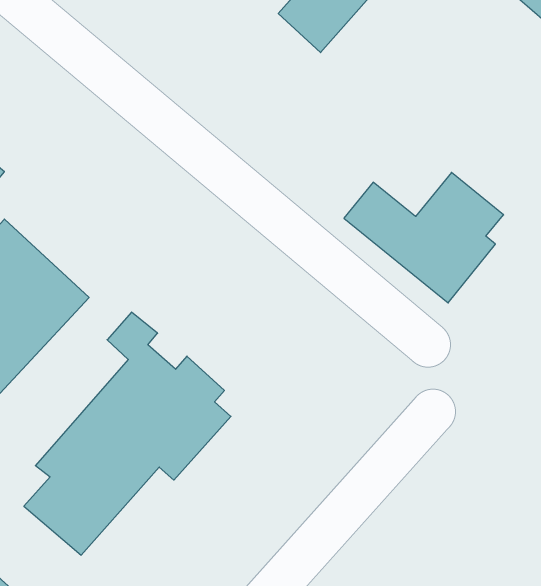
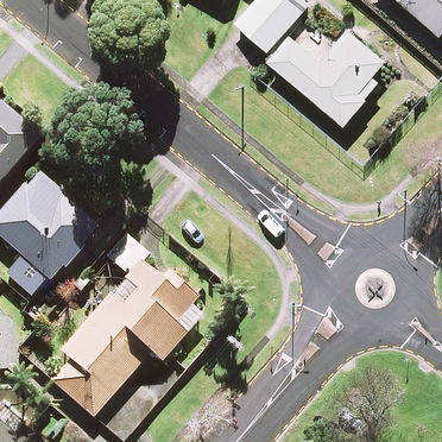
building: [344,172,504,303] -> [269,29,385,124]

